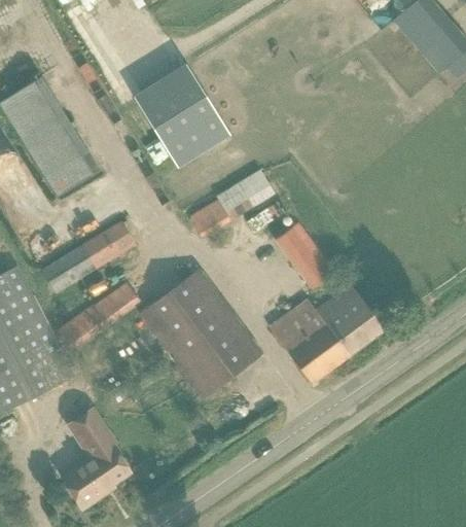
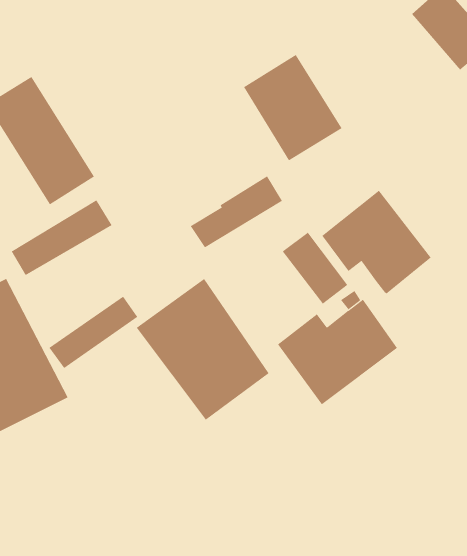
building: [137,63,229,163] -> [243,54,343,161]
building: none -> [322,190,431,295]
building: [40,221,135,292] -> [11,200,112,276]
building: [60,407,129,510] -> none

